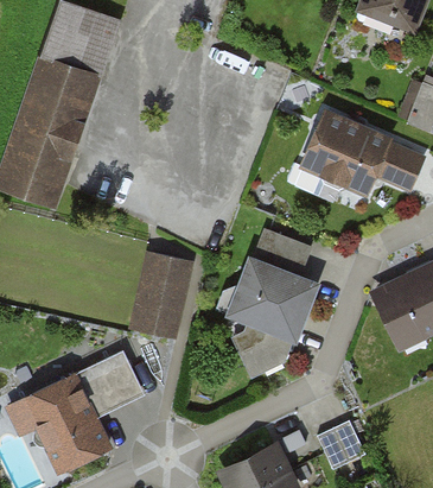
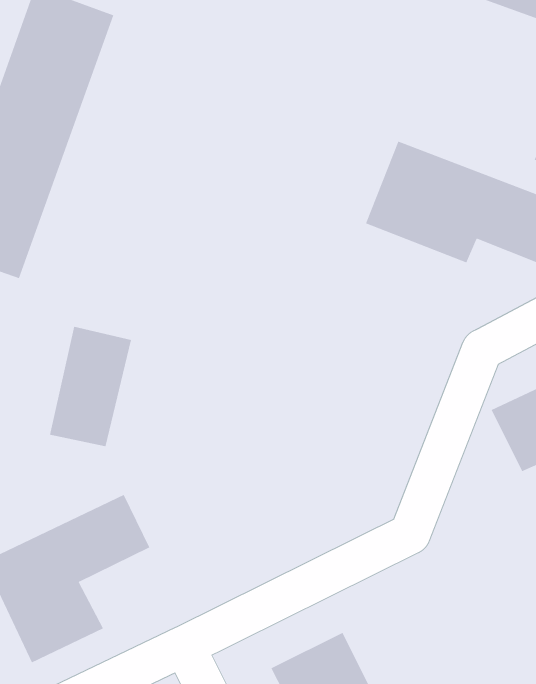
building: [233,229,313,375] -> none
building: [134,253,191,336] -> [49,326,132,447]
building: [317,419,365,469] -> none

